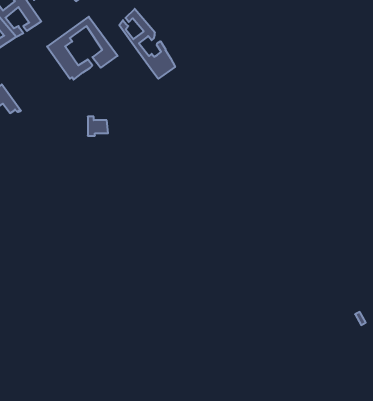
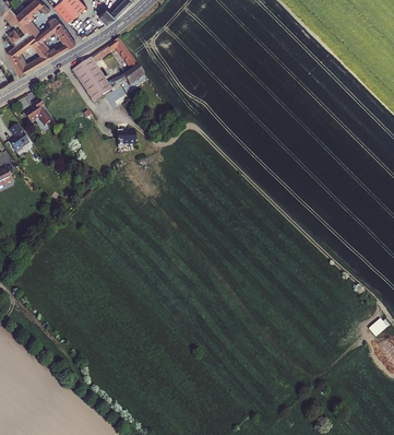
building: [119,9,175,79] -> none

